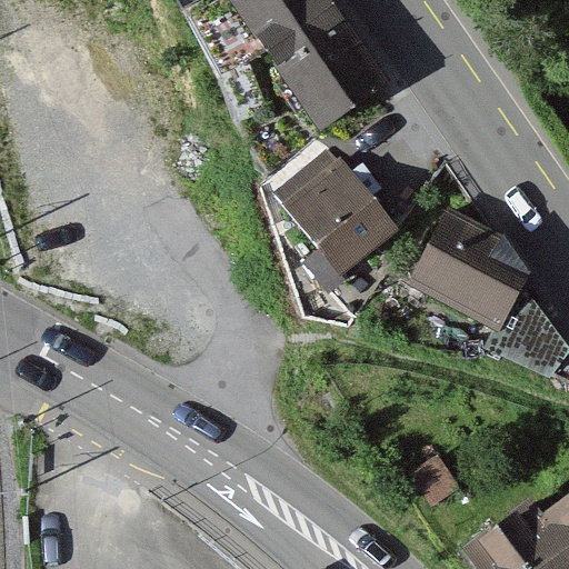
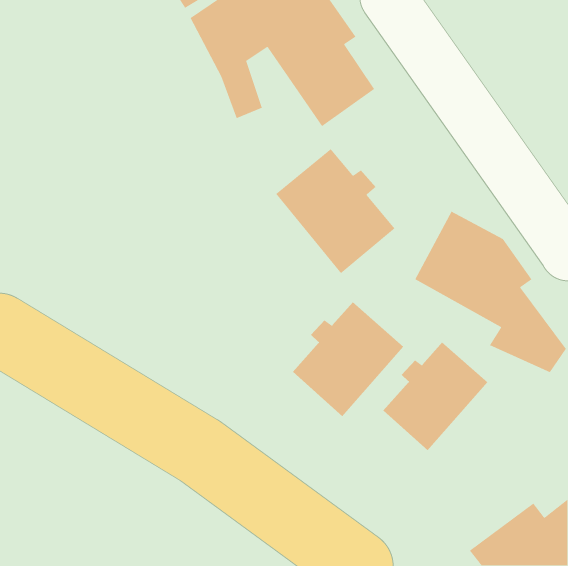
building: none -> [292,302,404,417]
building: none -> [383,341,488,451]

